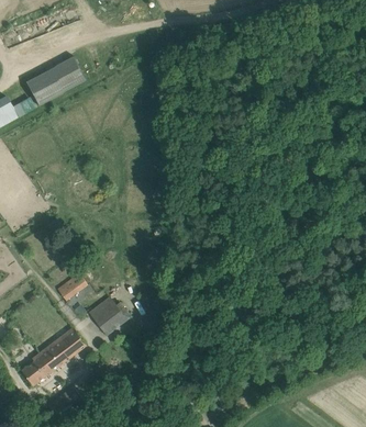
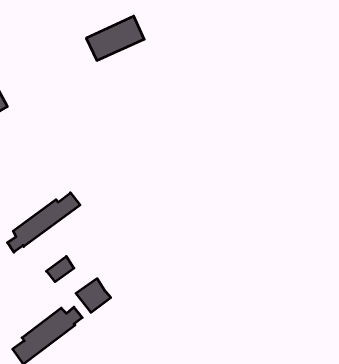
building: [27,56,88,102] -> [86,16,144,60]
building: none -> [7,193,80,252]

